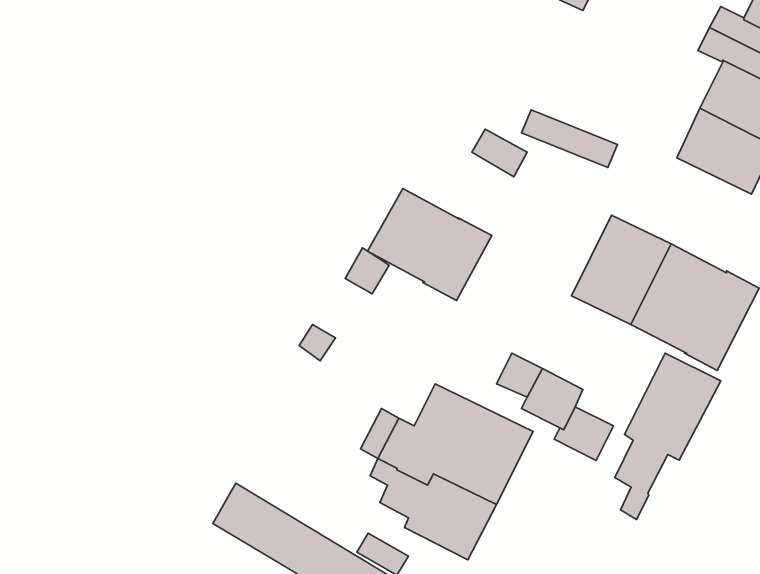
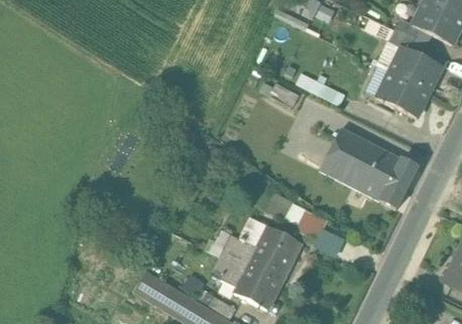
building: [368,189,492,300] -> none
building: [615,353,721,519] -> none

